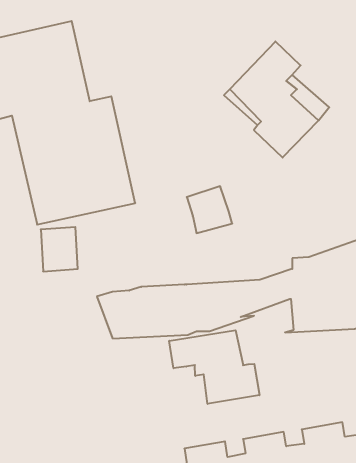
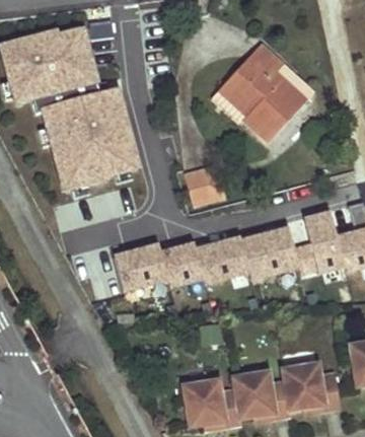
building: [169,330,259,404] -> none

